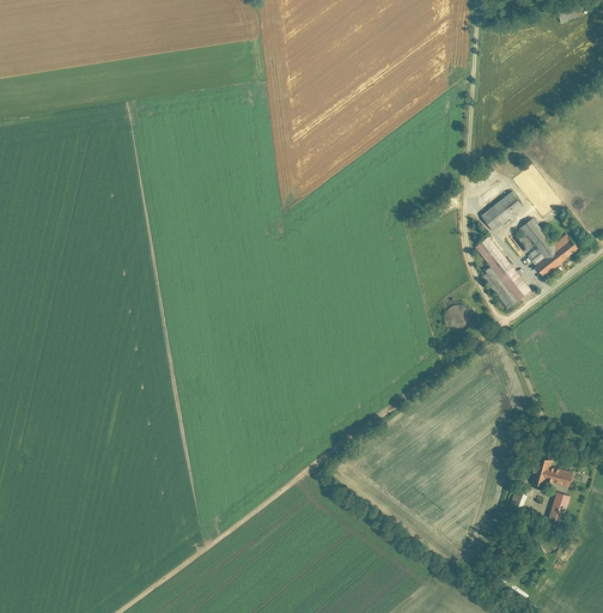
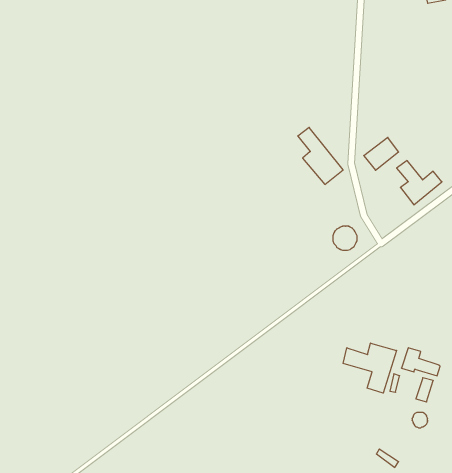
building: [475,237,531,308] -> [298,127,343,184]
building: none -> [343,343,397,393]

